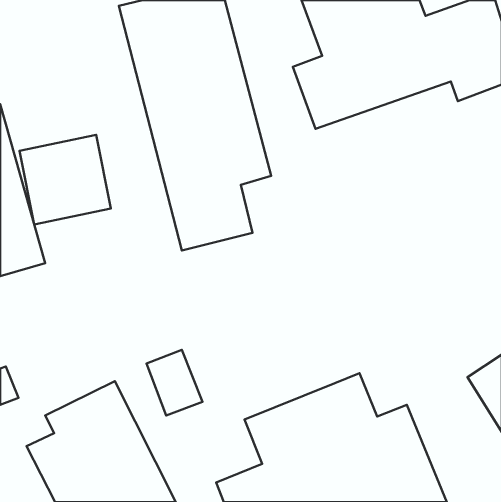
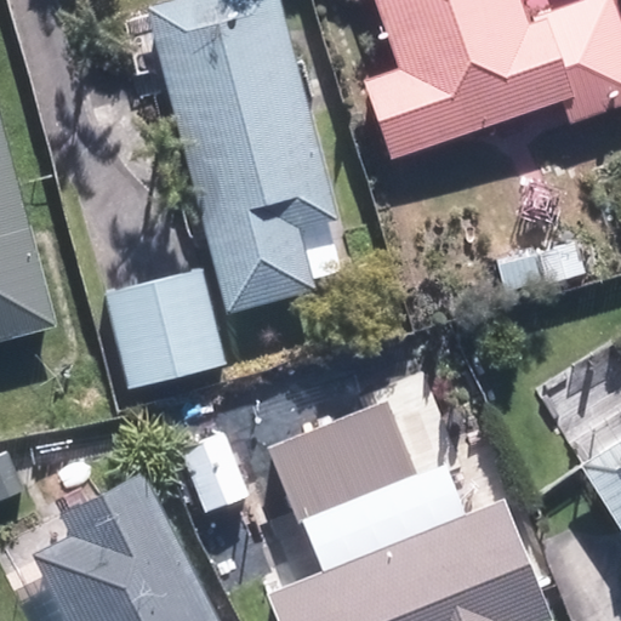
building: [19,135,111,224] -> [107,273,220,383]
building: none -> [267,400,415,520]

